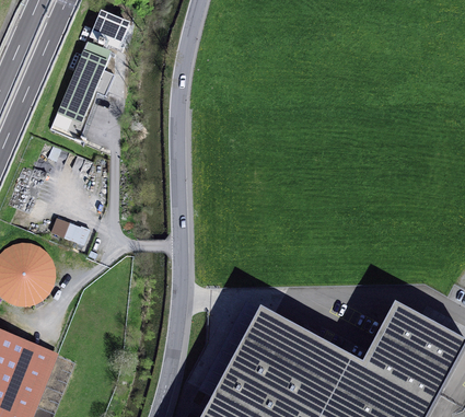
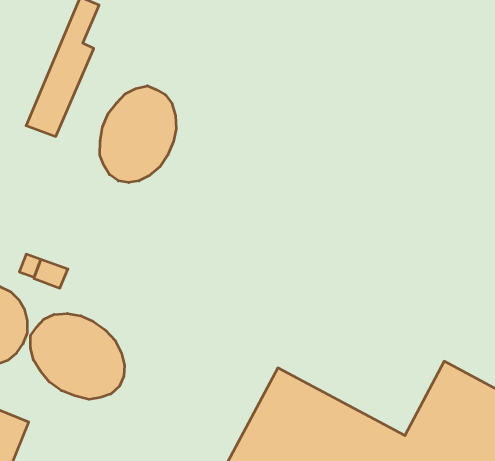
building: none -> [100,86,176,183]
building: none -> [31,313,124,399]

